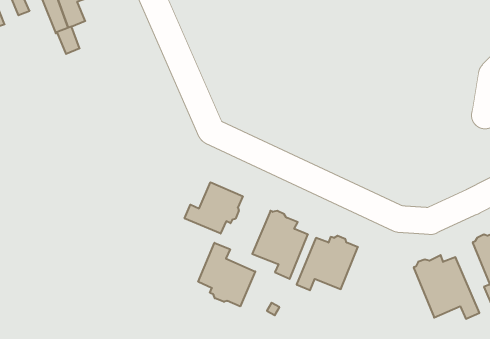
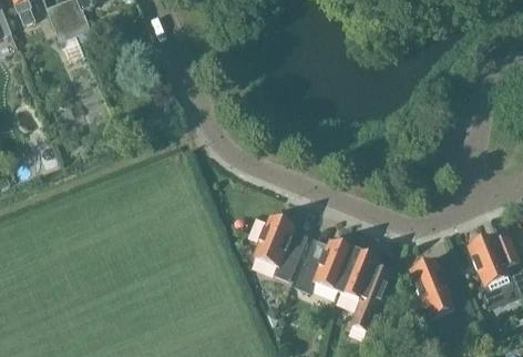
building: [185,182,243,234] -> none
building: [198,243,255,306] -> none
building: none -> [338,248,391,329]

